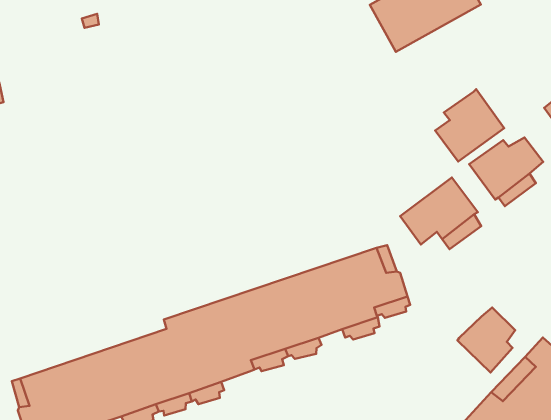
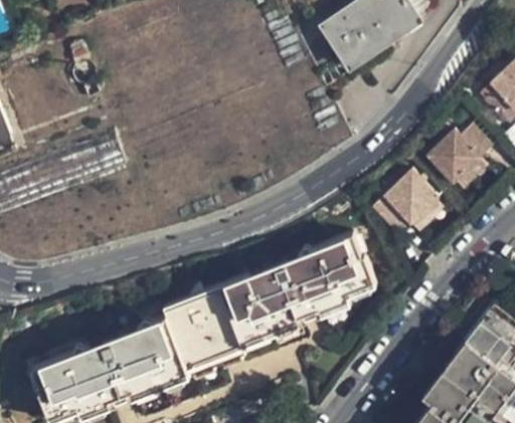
building: [435,89,504,162] -> none
building: [457,307,515,372] -> none

